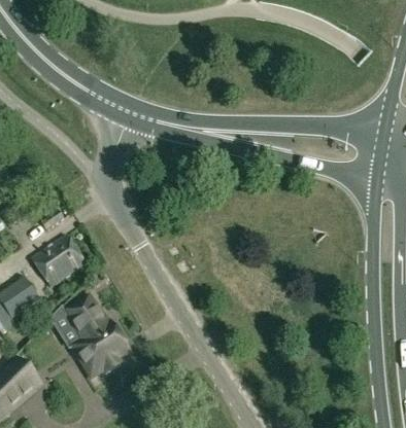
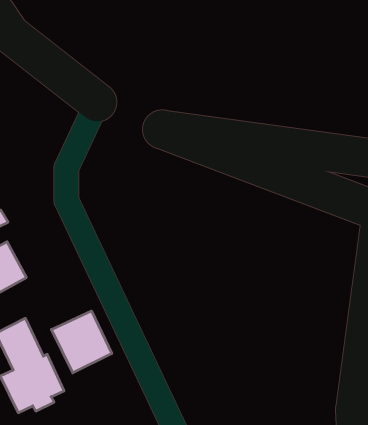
building: none -> [51,311,112,373]

